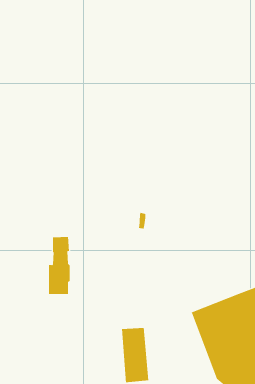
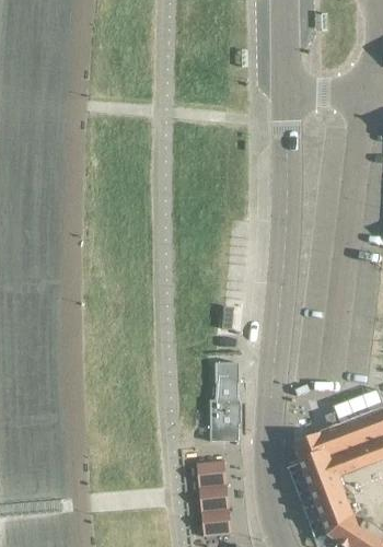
building: [48,236,71,294] -> [209,362,240,441]

